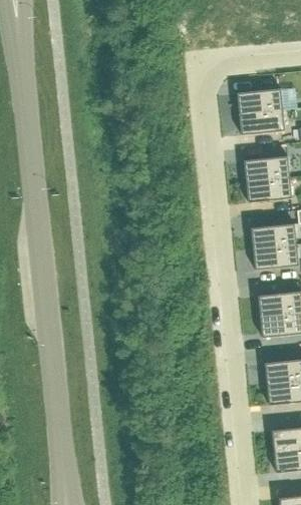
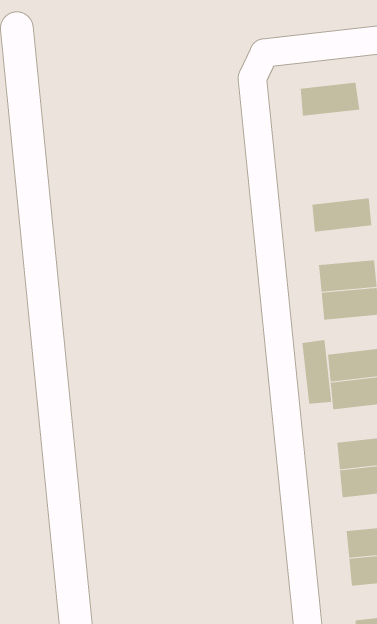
building: [239,109,285,135] -> none
building: [244,155,290,181] -> none
building: none -> [302,339,332,404]

